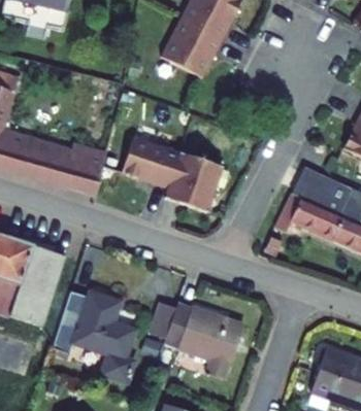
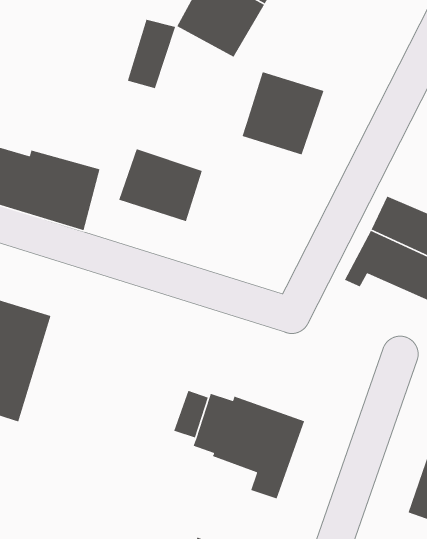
building: none -> [127,19,176,89]
building: [161,152,219,211] -> [241,71,325,156]
building: [60,293,140,386] -> none

